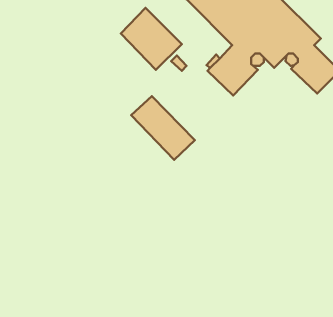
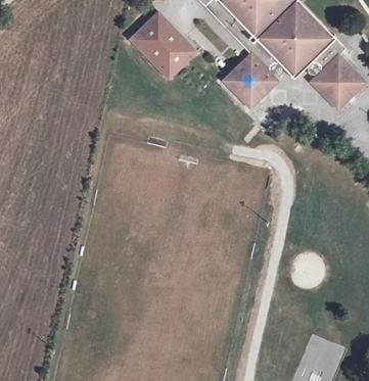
building: [131,96,195,160] -> none

